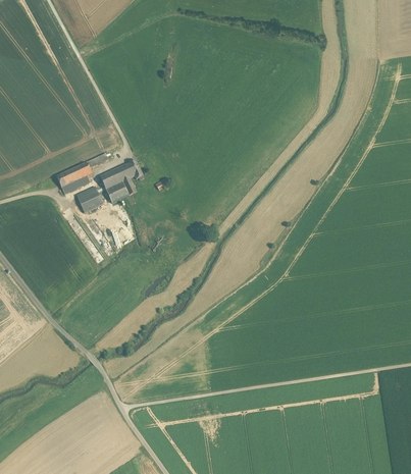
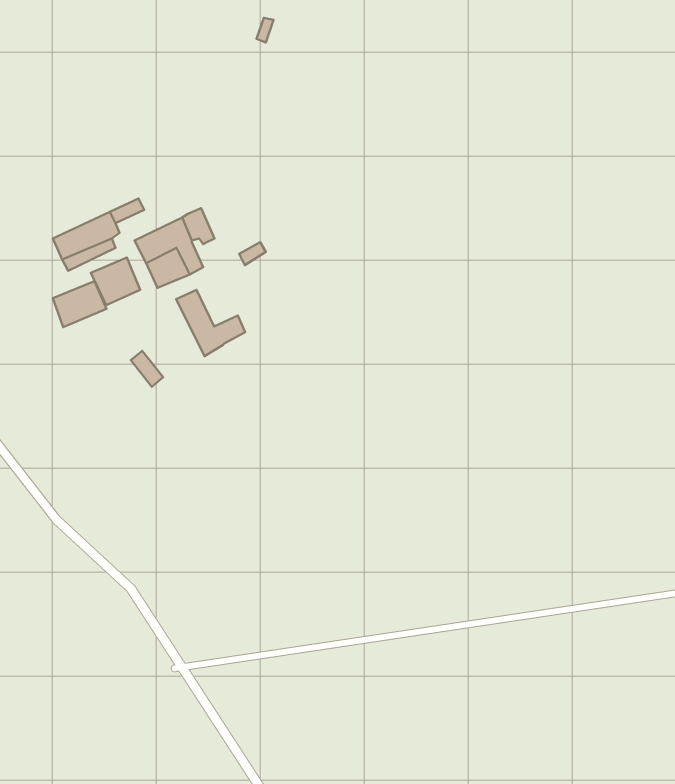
building: none -> [53,281,107,327]
building: none -> [176,290,245,356]

